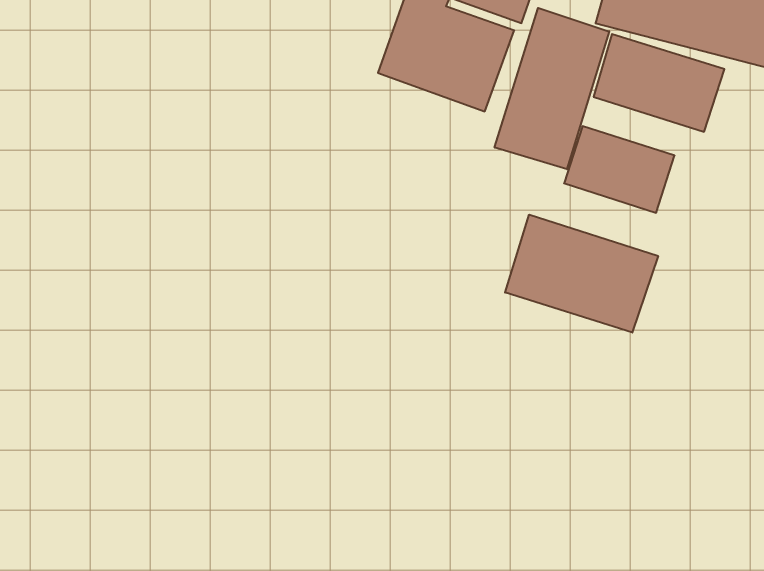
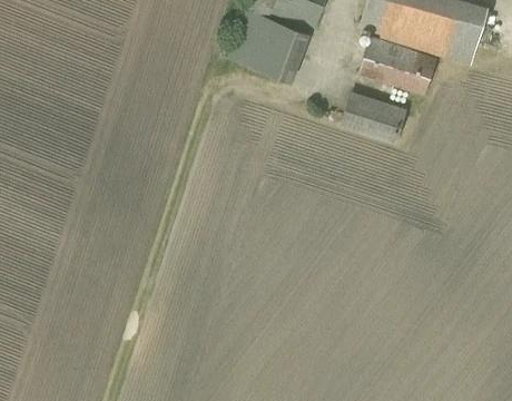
building: [495,8,609,169] -> none
building: [505,215,658,333] -> none

